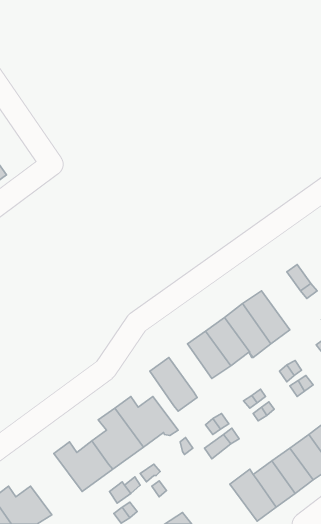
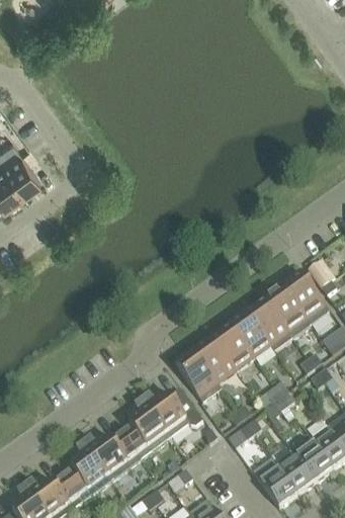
building: none -> [283,274,329,325]
building: none -> [194,338,236,384]
building: none -> [62,443,111,502]

